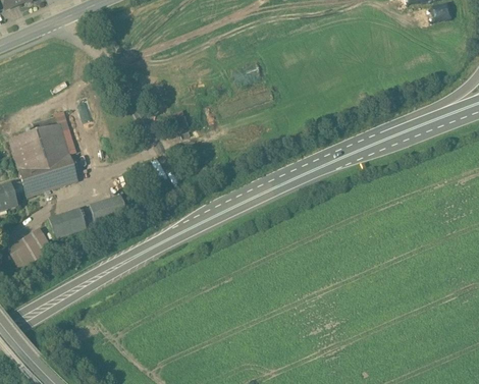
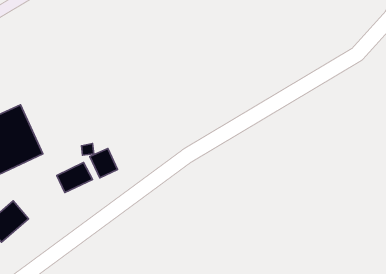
building: none -> [90,149,117,178]
building: [49,208,87,237] -> none

